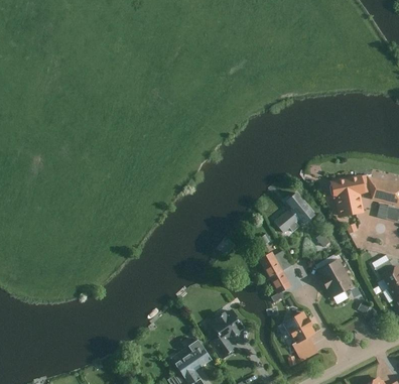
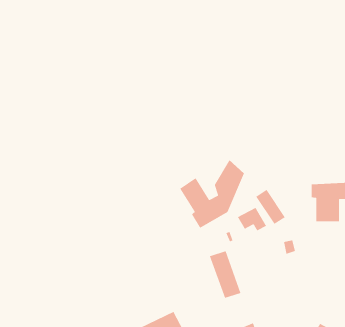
building: none -> [179,159,245,229]
building: [319,259,352,295] -> none

